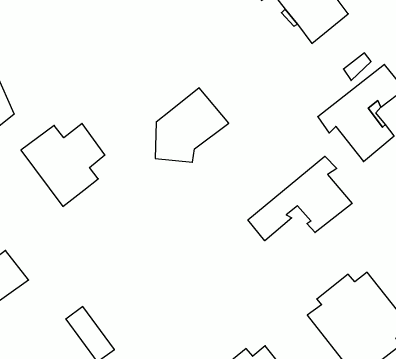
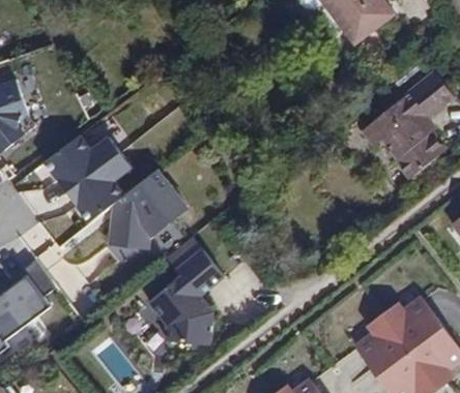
building: [155,88,229,162] -> [109,172,189,252]
building: [248,156,352,241] -> none
building: none -> [149,237,224,344]

